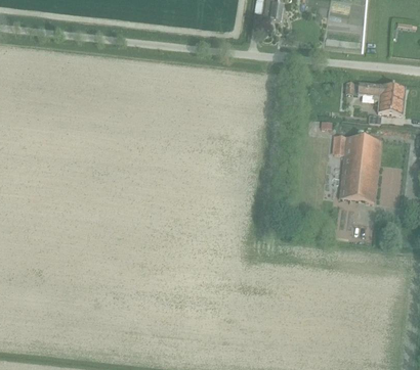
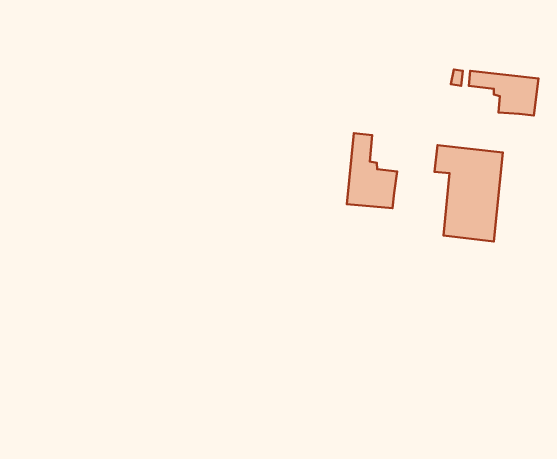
building: none -> [347,133,397,208]

